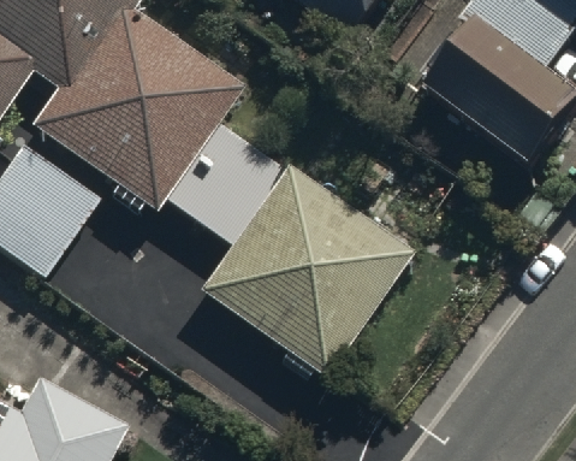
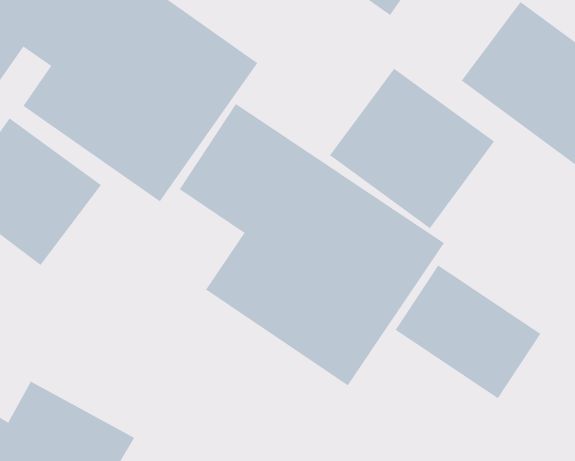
building: none -> [329,68,495,229]
building: none -> [395,264,541,399]

